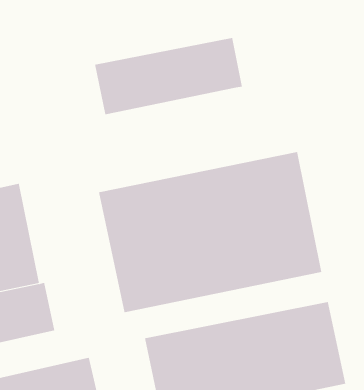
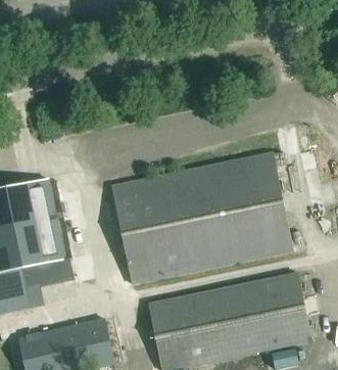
building: [95,37,243,115] -> none

